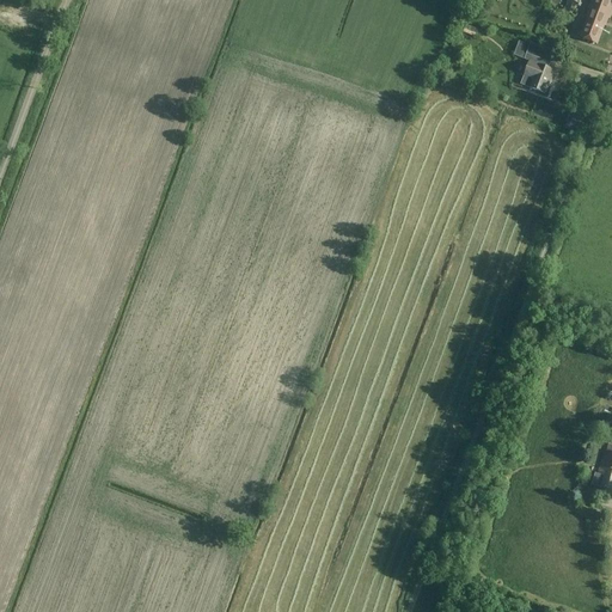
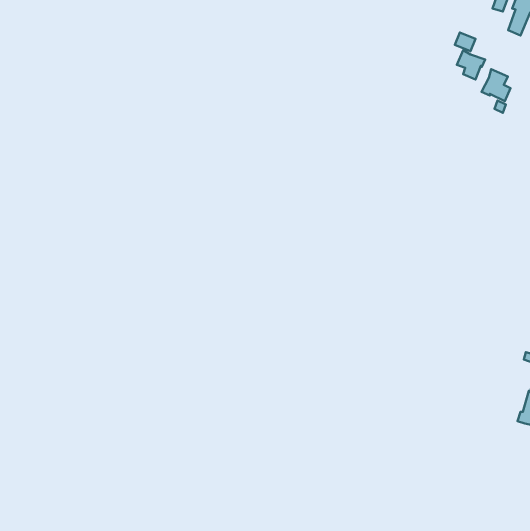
building: none -> [482,69,511,101]

